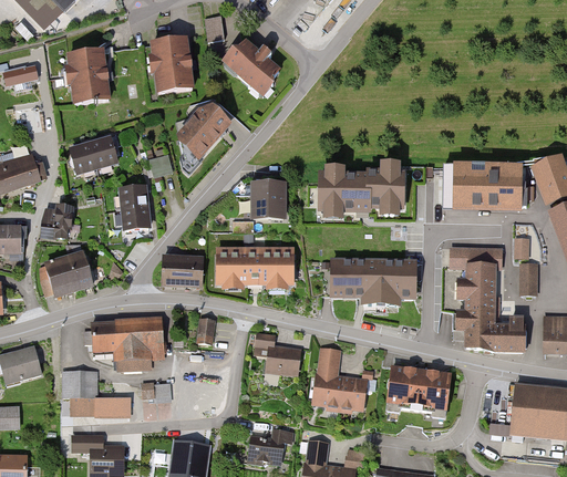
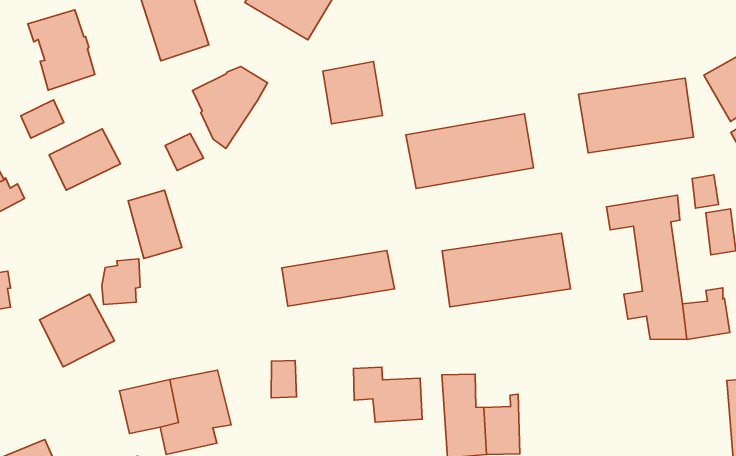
building: none -> [21,100,64,138]
building: [249,182,286,220] -> [323,61,382,124]
building: [43,206,73,237] -> [102,259,140,304]
building: [163,257,203,284] -> none
building: [386,365,451,412] -> none

